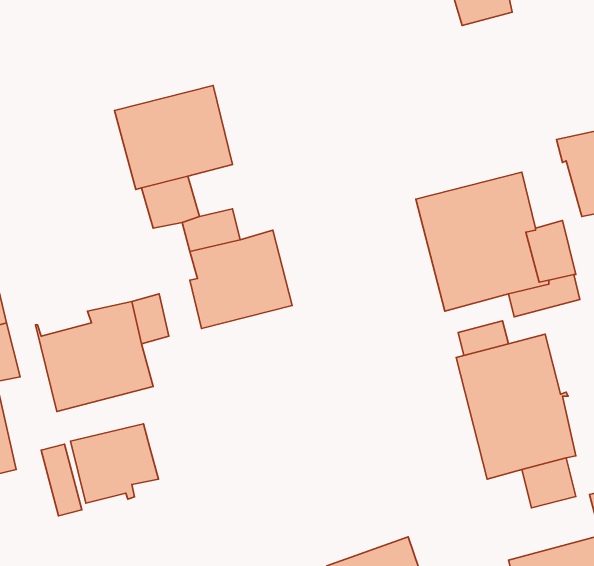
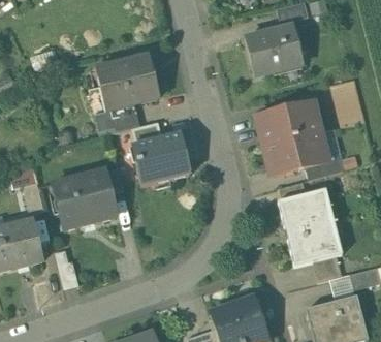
building: none -> [245,26,303,75]
building: [70,424,158,503] -> none

